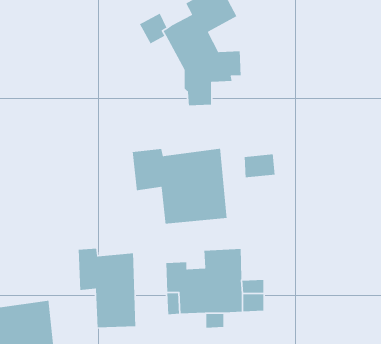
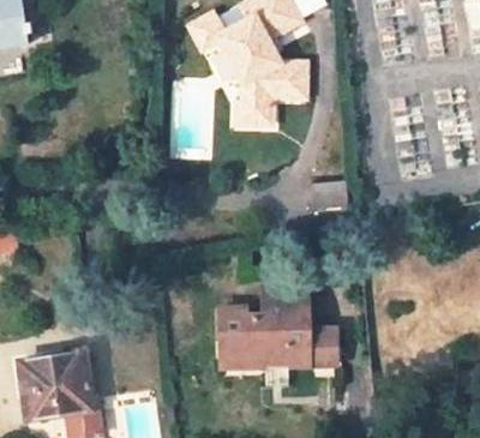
building: [132,148,228,225] -> none
building: [78,248,136,328] -> none

